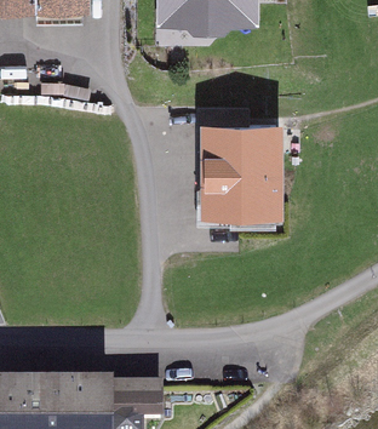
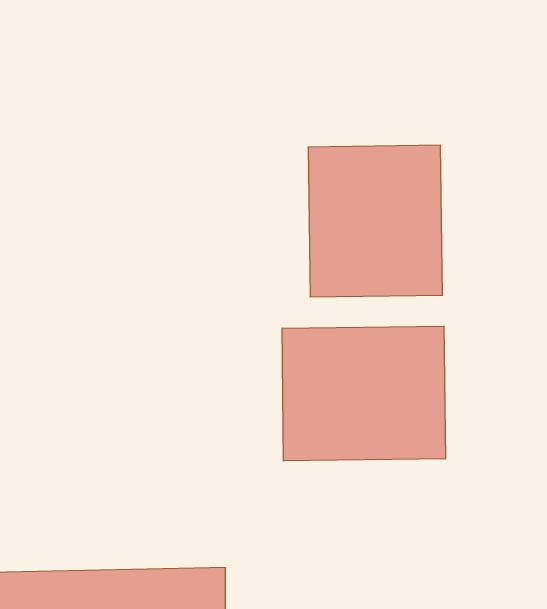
building: none -> [282,326,445,461]

